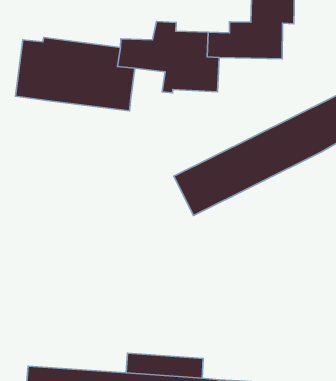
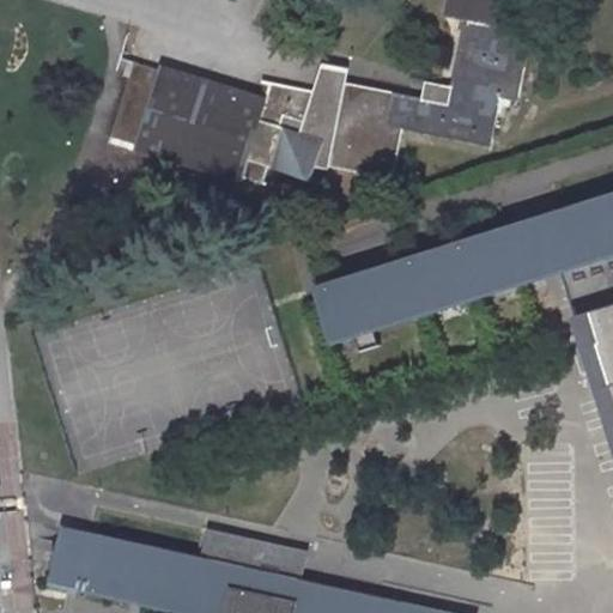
building: none -> [267,127,321,180]

